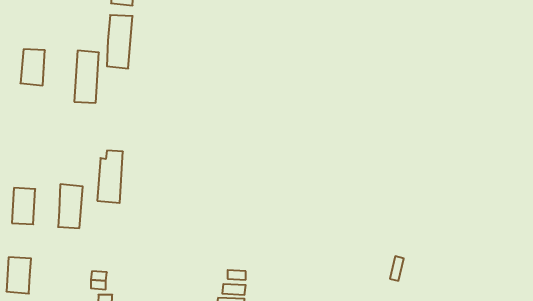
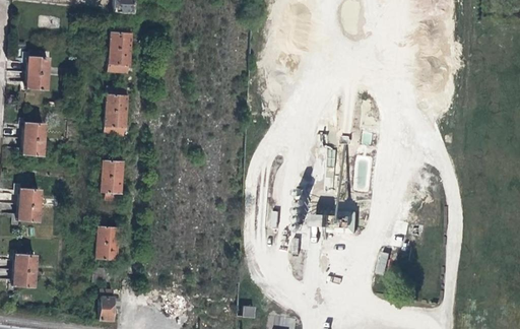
building: [74,51,99,103] -> [104,84,127,134]
building: none -> [21,121,44,155]
building: [58,184,83,228] -> [95,216,119,258]

